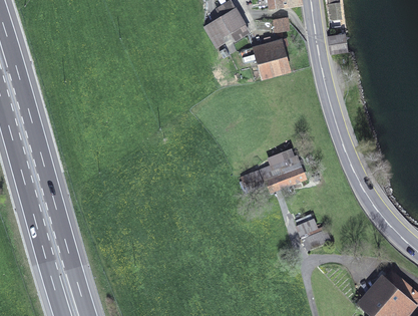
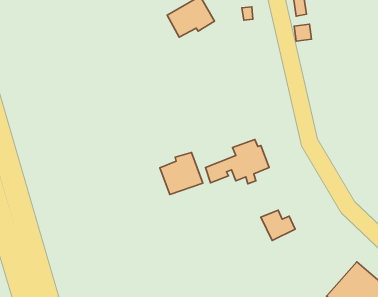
building: [240,38,289,74] -> none
building: none -> [160,152,203,195]

